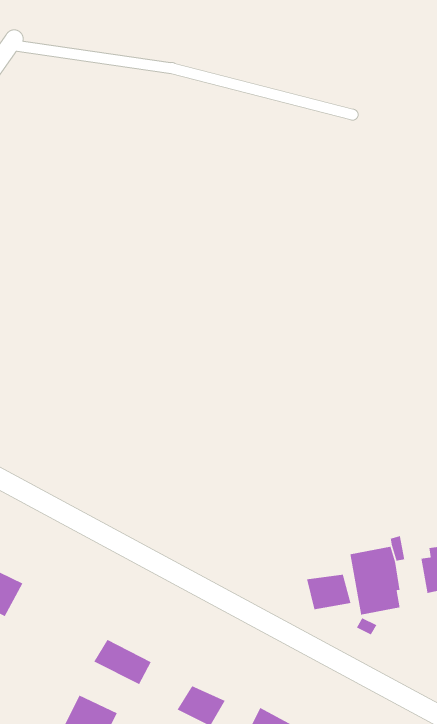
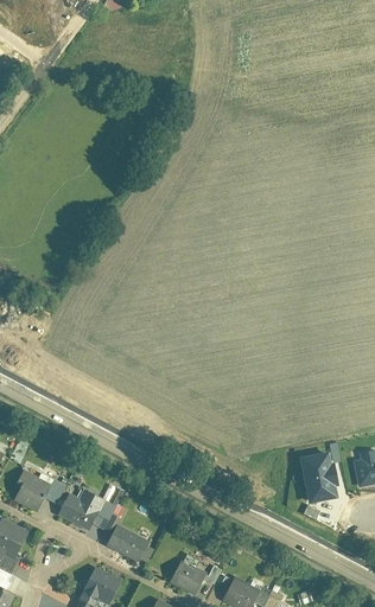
building: [306,574,351,610] -> none
building: none -> [53,488,115,531]

